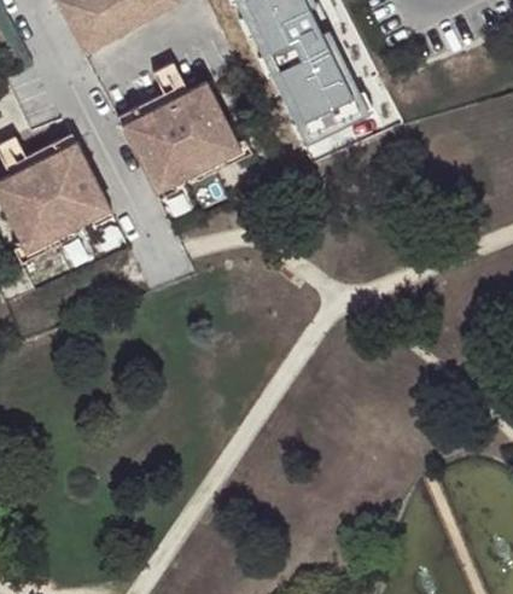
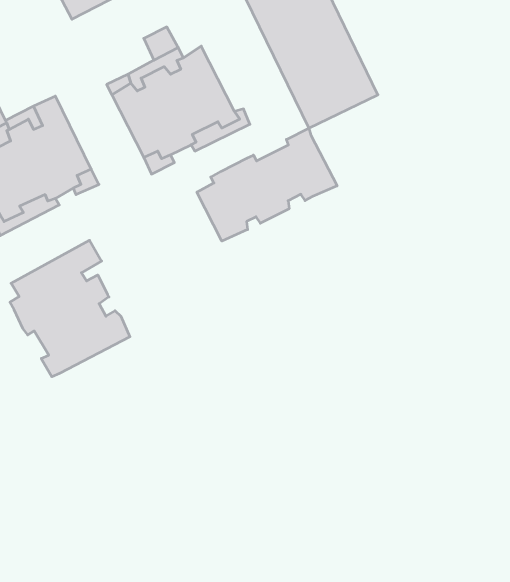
building: none -> [197,128,337,241]
building: none -> [10,240,130,377]

